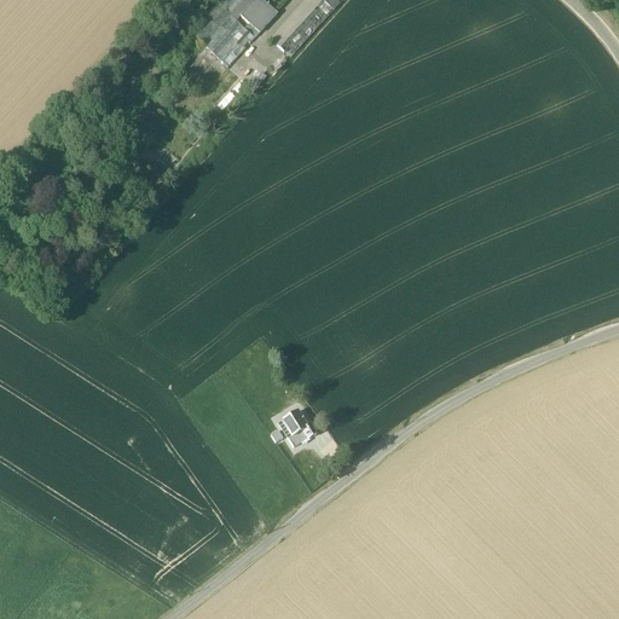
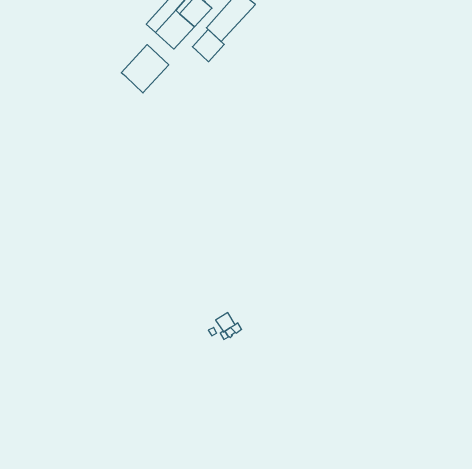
building: none -> [192,30,224,62]
building: none -> [121,45,169,93]

